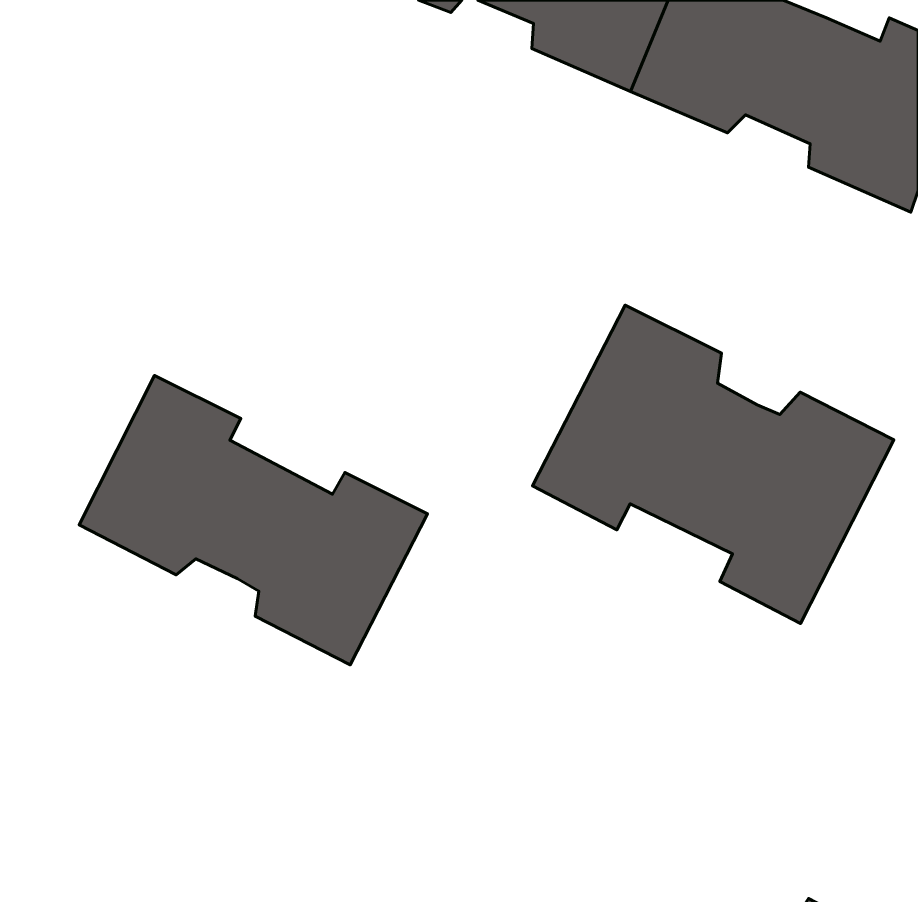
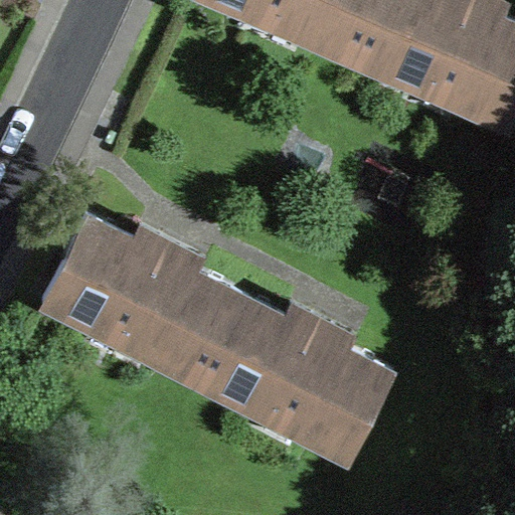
building: [533,305,894,624] -> none
building: none -> [196,297,392,459]

